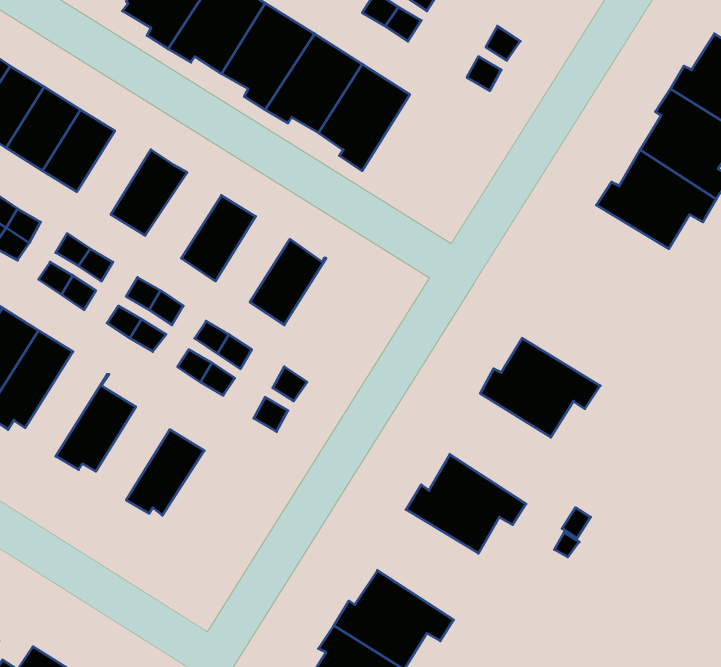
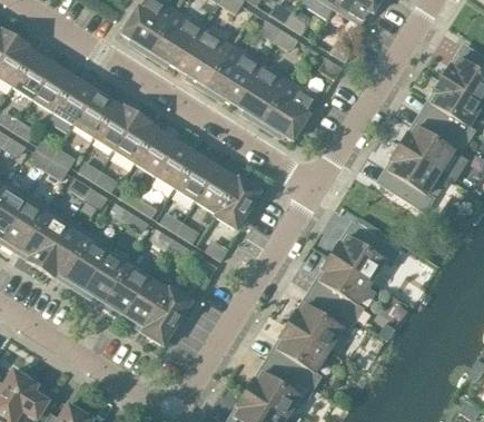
building: none -> [260,81,316,140]
building: none -> [93,102,137,151]
building: none -> [134,127,178,177]
building: none -> [379,146,439,212]
building: none -> [175,153,218,203]
building: none -> [215,177,260,229]
building: none -> [63,232,111,293]
building: none -> [312,256,371,321]
building: none -> [105,264,148,318]
building: none -> [141,283,194,345]
building: none -> [269,324,328,389]

